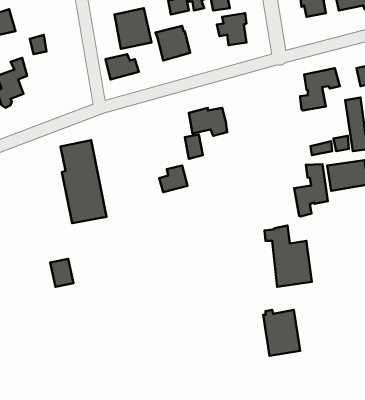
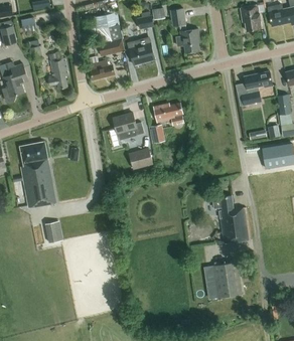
building: none -> [47,57,67,89]
building: none -> [112,113,143,137]
building: [61,140,107,223] -> [19,142,55,207]
building: [294,164,328,217] -> none

